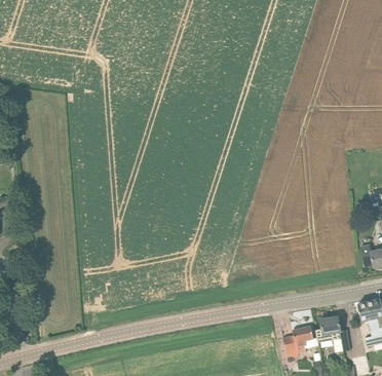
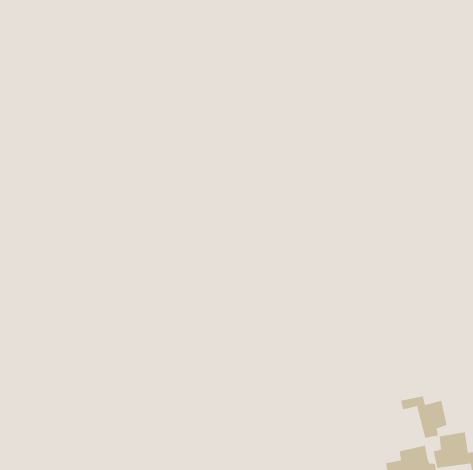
building: none -> [400,395,448,439]

